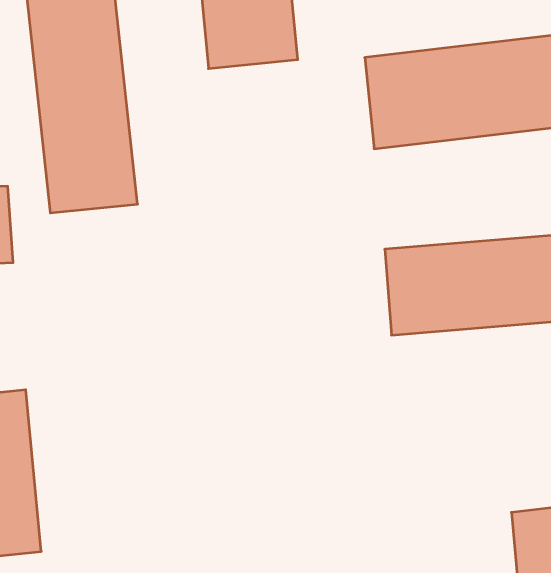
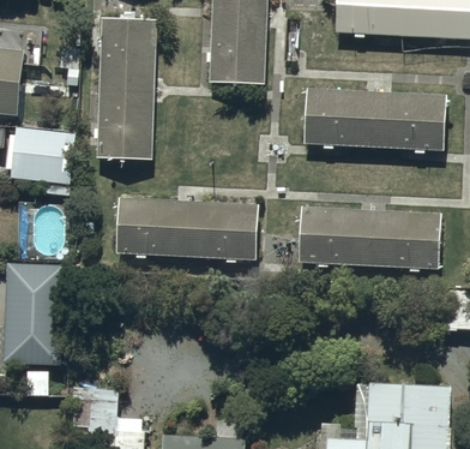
building: none -> [116,197,257,264]

